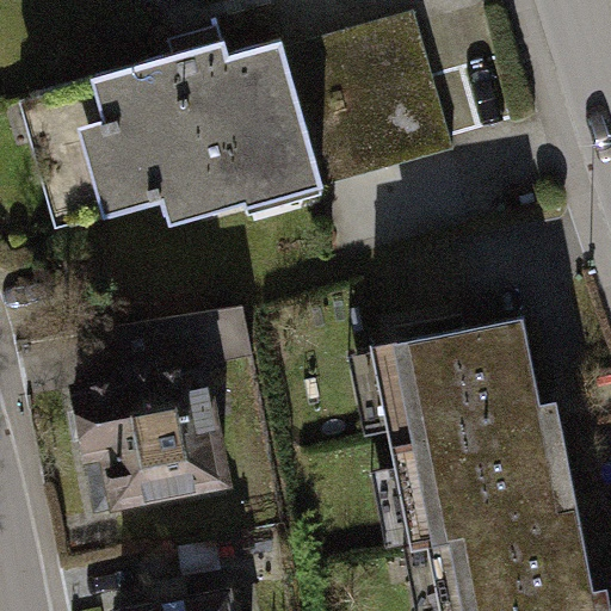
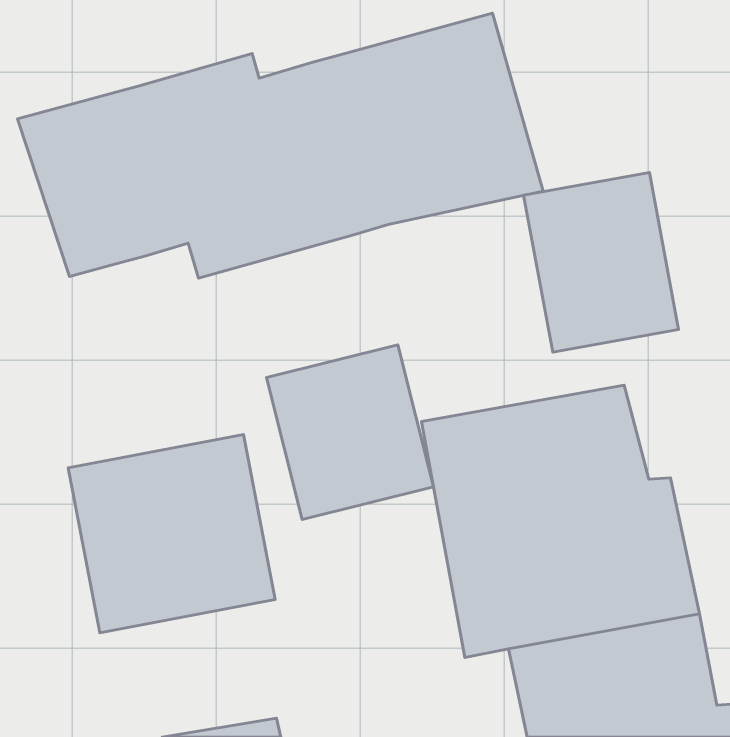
building: none -> [524,172,678,352]
building: none -> [266,345,434,519]

